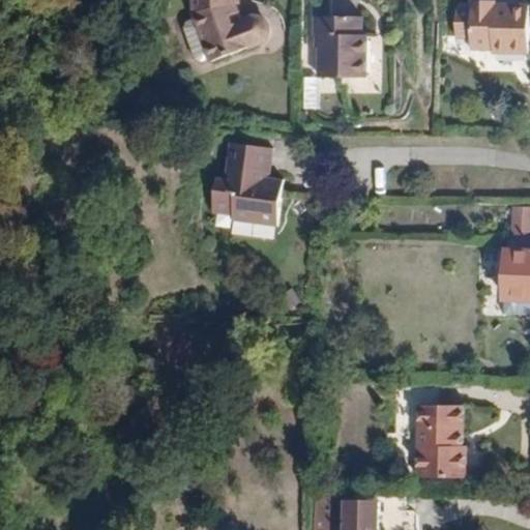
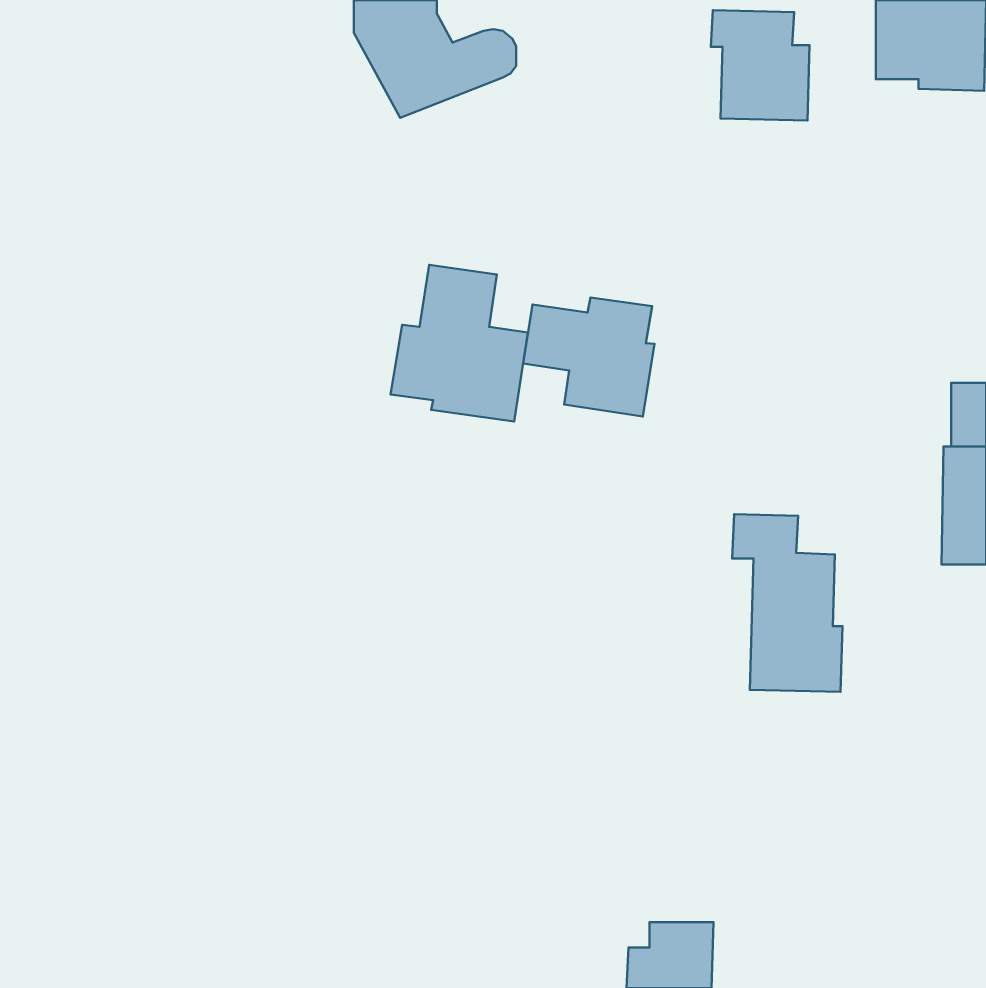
building: [313,19,365,78] -> [711,10,809,120]
building: none -> [523,298,655,416]
building: [409,386,468,481] -> [732,514,843,692]

